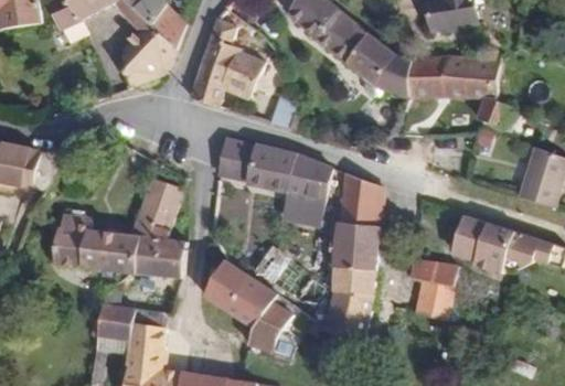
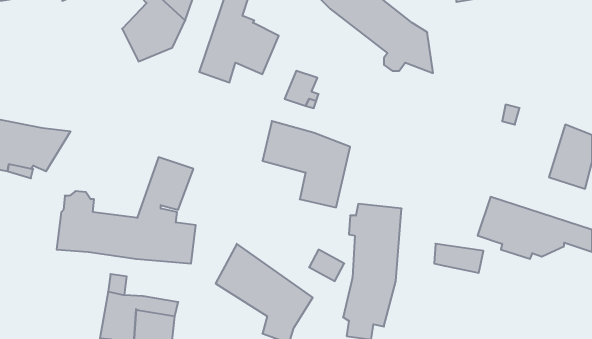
building: [404,56,512,128] -> none
building: [210,135,257,181] -> none
building: [339,160,382,226] -> none
building: [415,280,452,320] -> none

